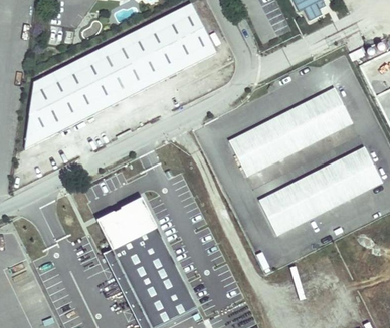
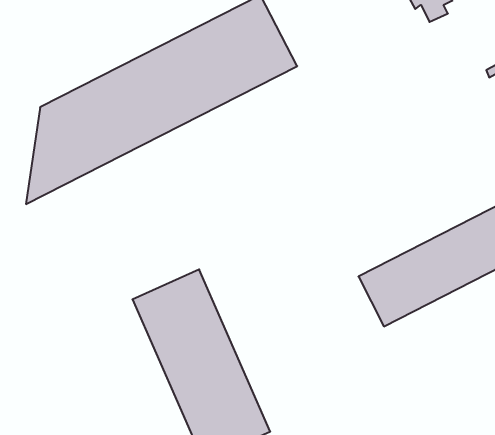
building: [228,88,351,178] -> none

